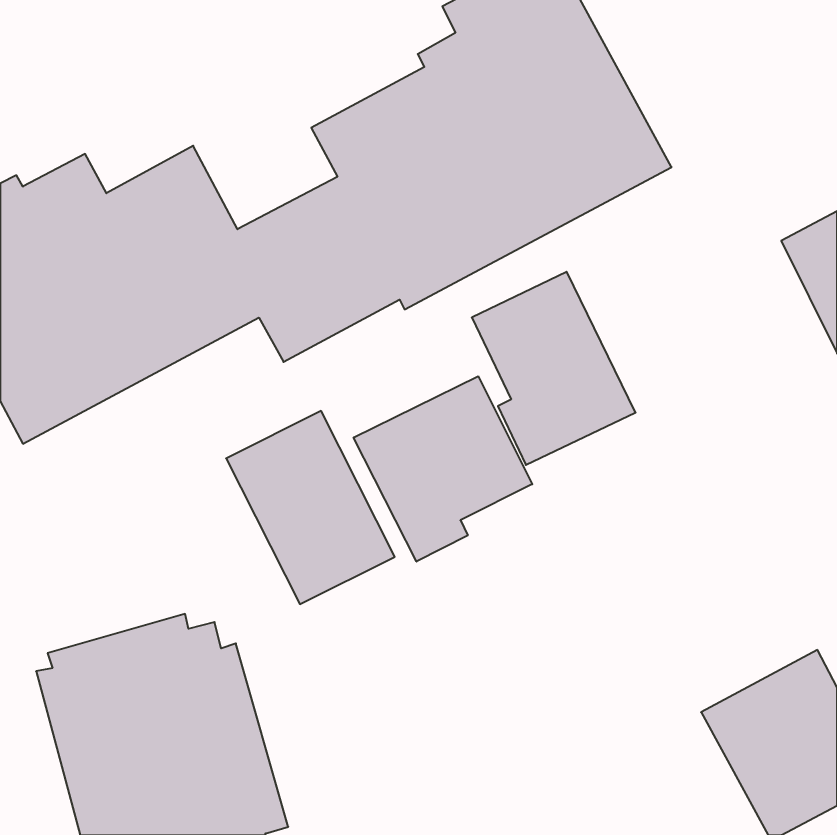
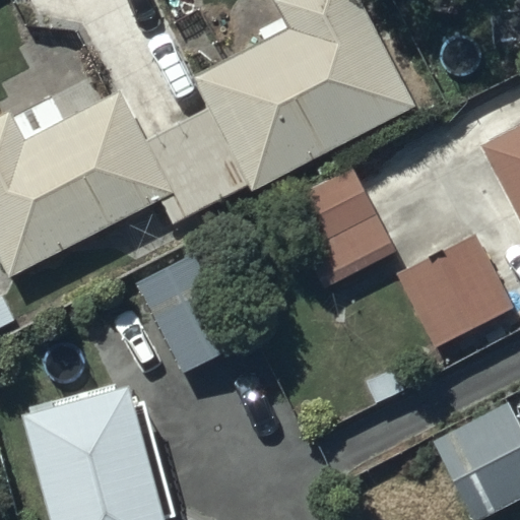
building: [354,376,532,562] -> none
building: none -> [398,239,513,348]

